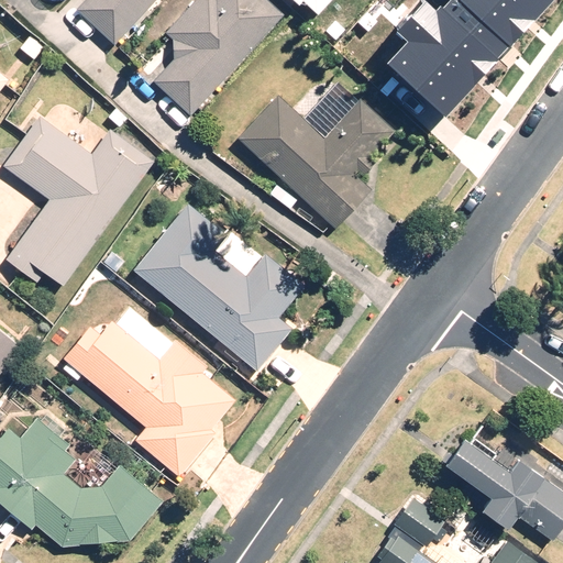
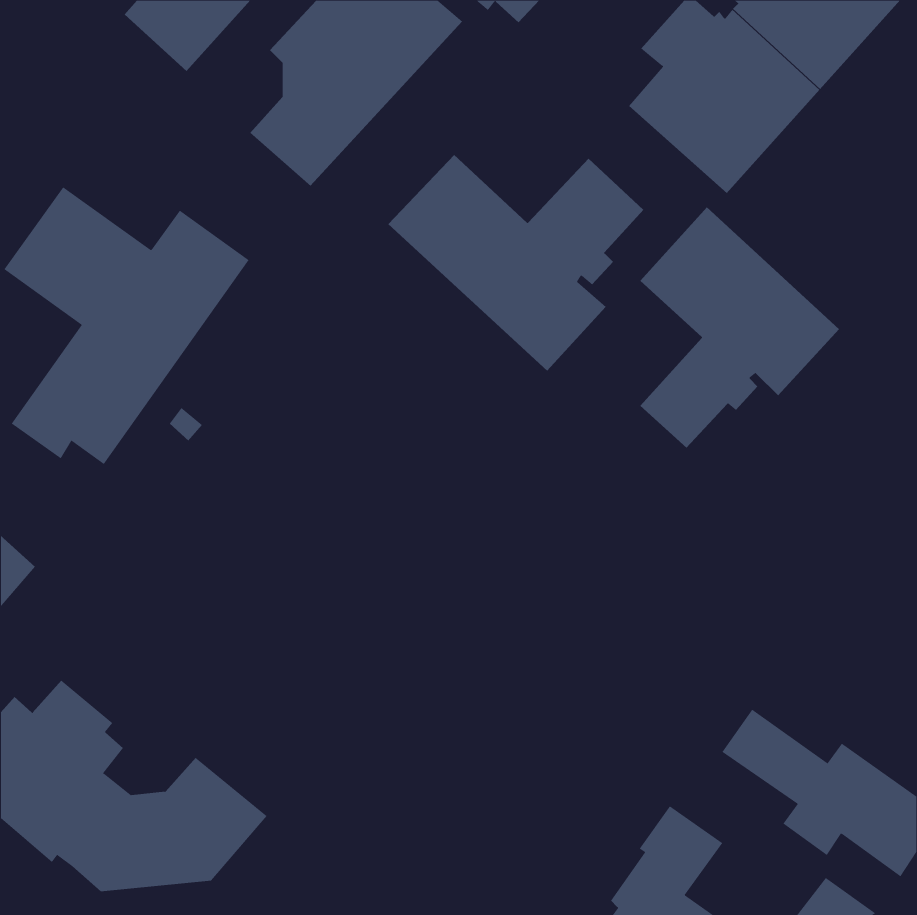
building: none -> [639,206,840,449]
building: [133,205,306,372] -> none
building: [63,307,235,476] -> none

